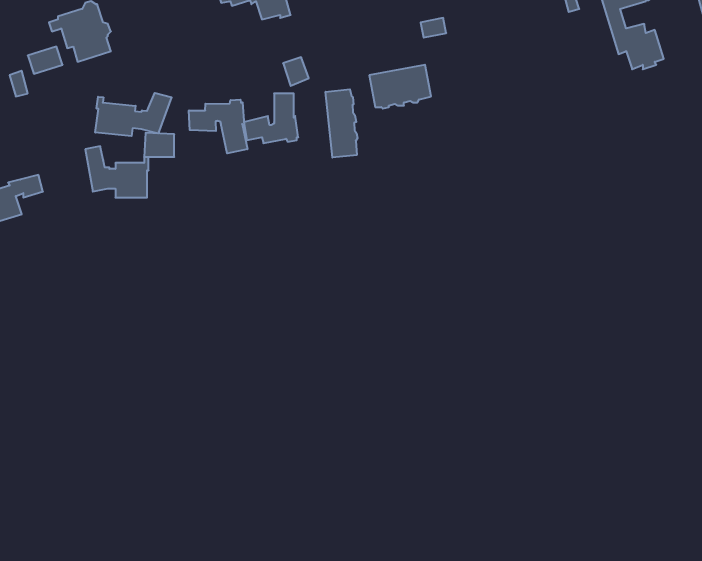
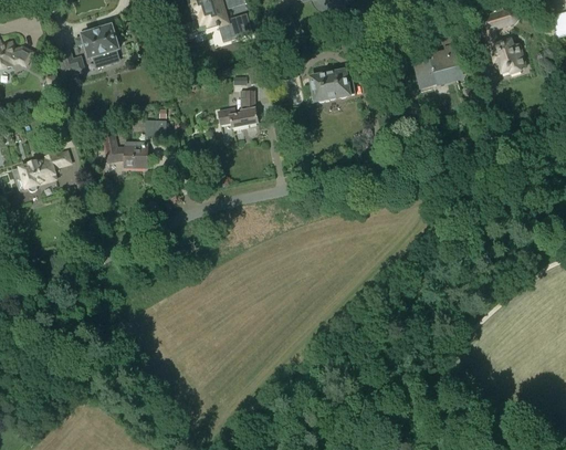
building: none -> [416,46,460,87]
building: [326,89,358,158] -> none
building: [95,93,172,136] -> none
building: [189,100,247,153] -> none

